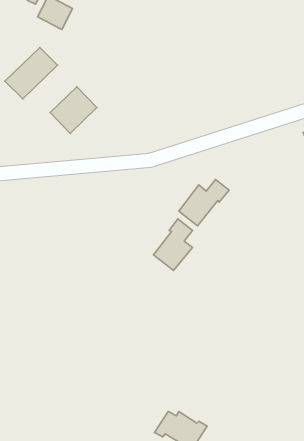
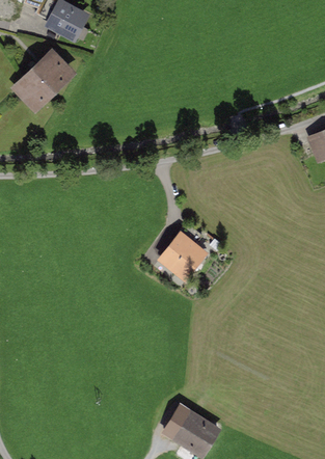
building: [50,87,97,133] -> none
building: [179,179,229,226] -> none

